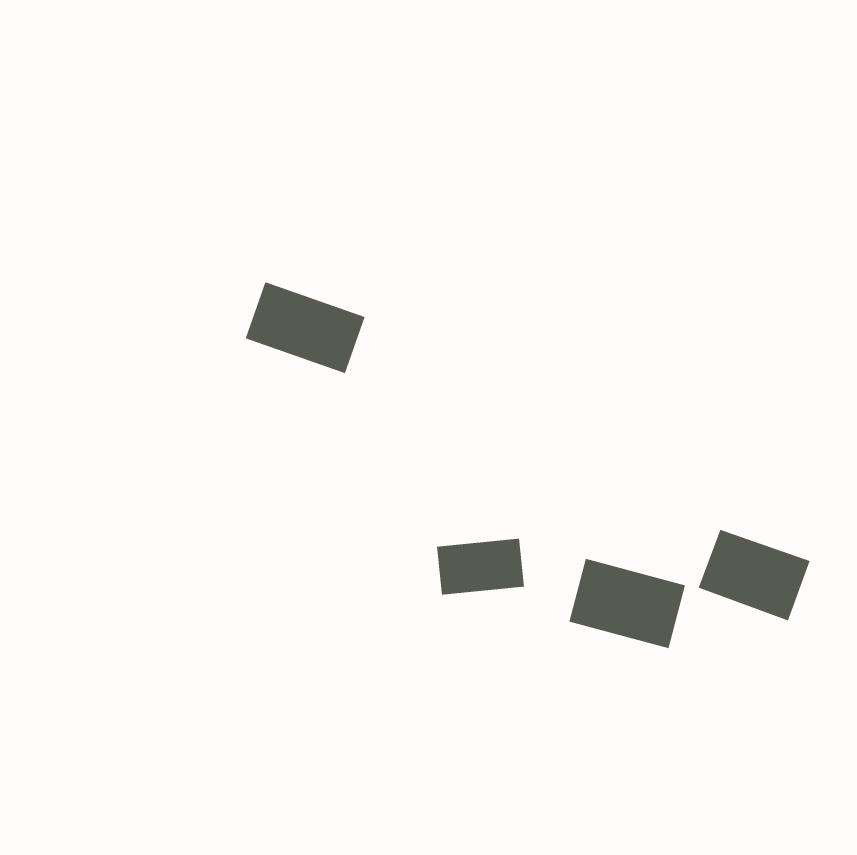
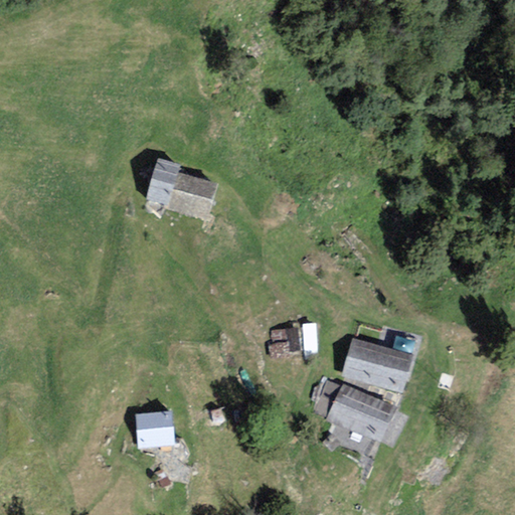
building: [698,529,810,621] -> [325,383,392,439]
building: none -> [134,408,174,449]

